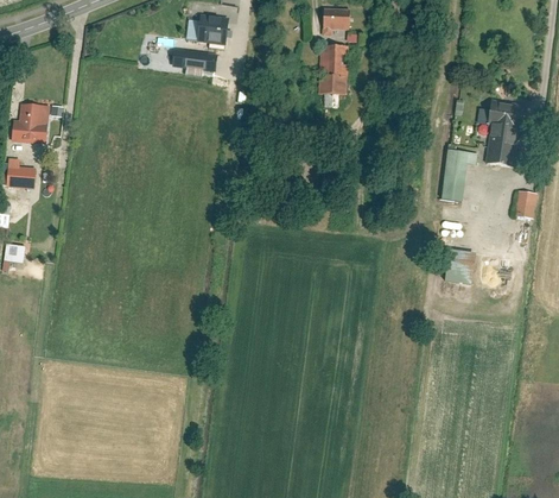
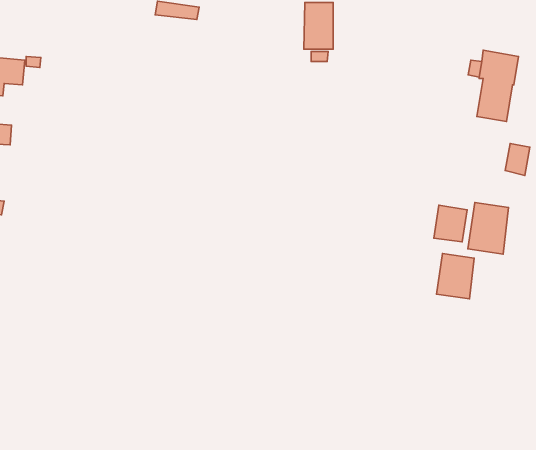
building: [442,147,478,201] -> none
building: none -> [468,202,509,254]
building: none -> [437,254,474,299]

